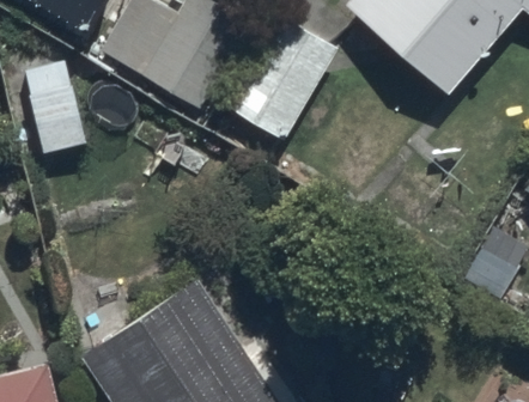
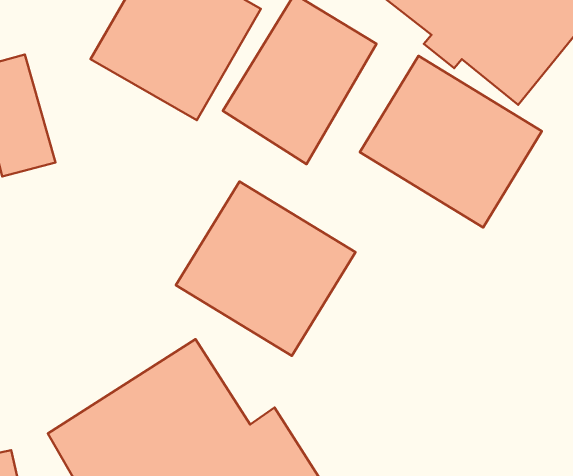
building: none -> [360,56,542,228]
building: none -> [176,181,356,356]

